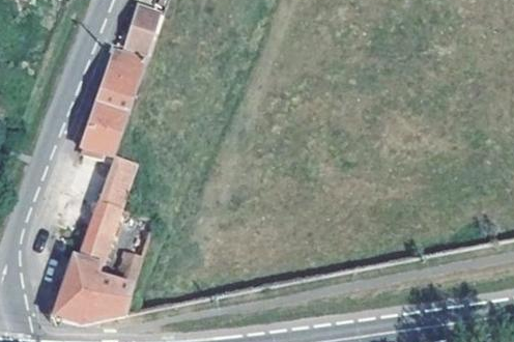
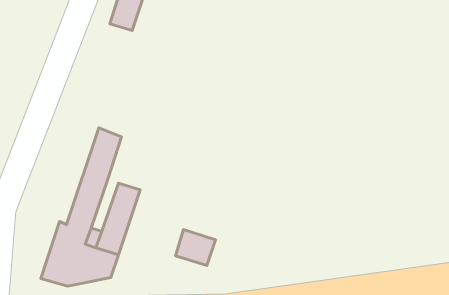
building: [80,51,144,159] -> none
building: none -> [175,229,215,266]

